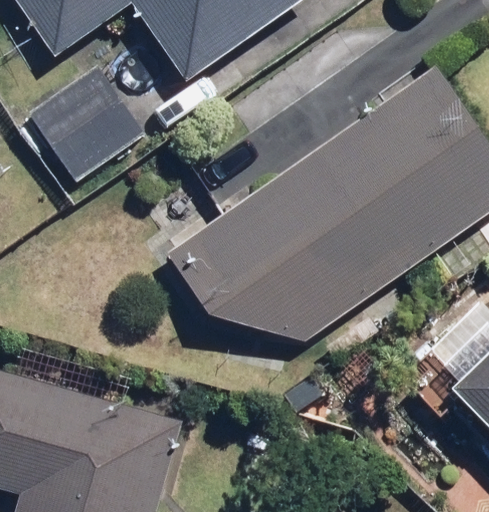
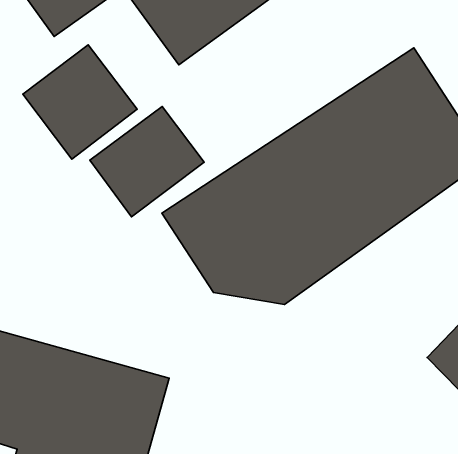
building: none -> [90,107,204,217]

